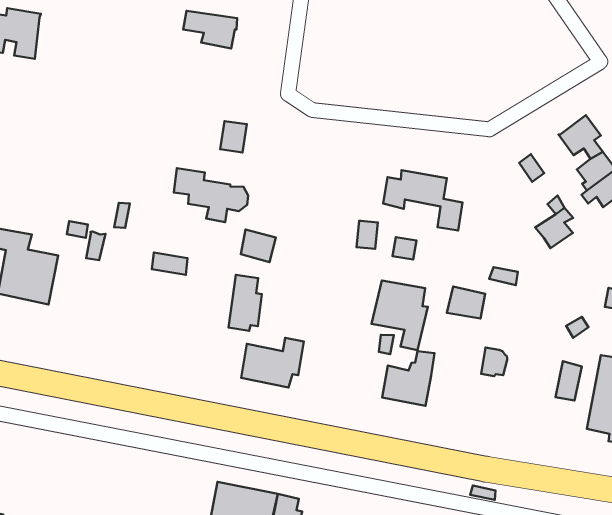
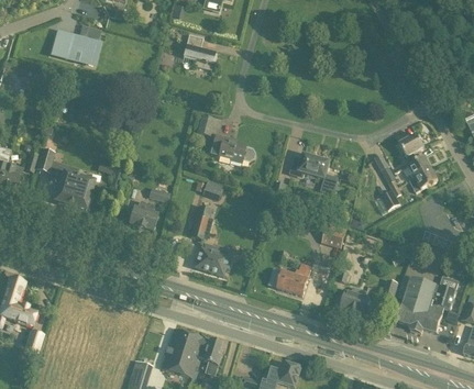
building: [174,168,248,222] -> [211,132,255,167]
building: none -> [129,201,157,231]
building: [372,280,428,350] -> none
building: none -> [340,290,372,315]

